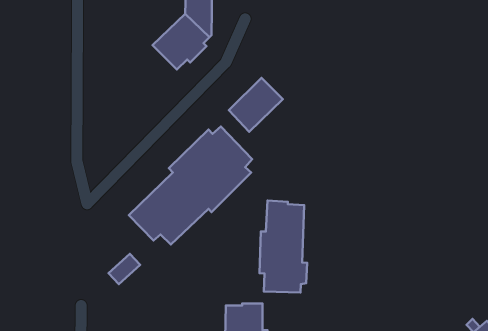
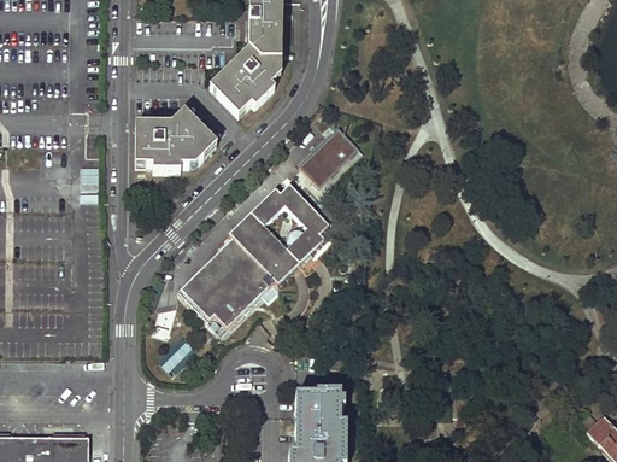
building: none -> [134,111,215,171]
building: [260,201,307,292] -> none

